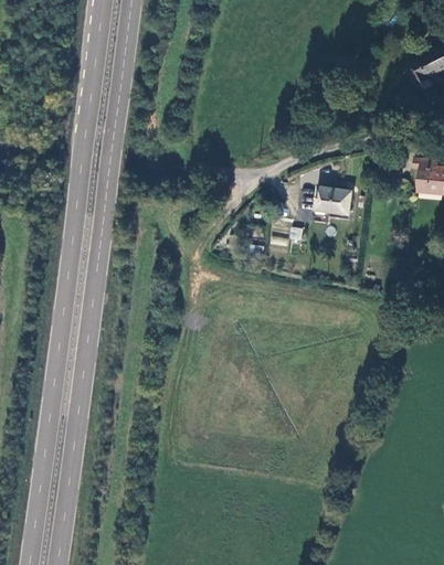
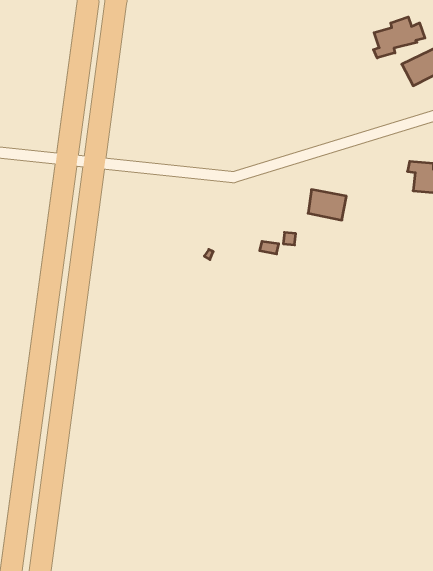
building: none -> [373,17,425,58]

